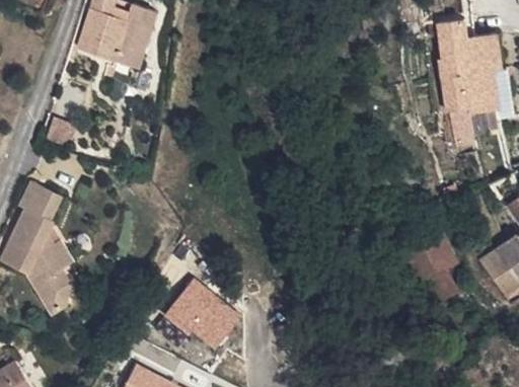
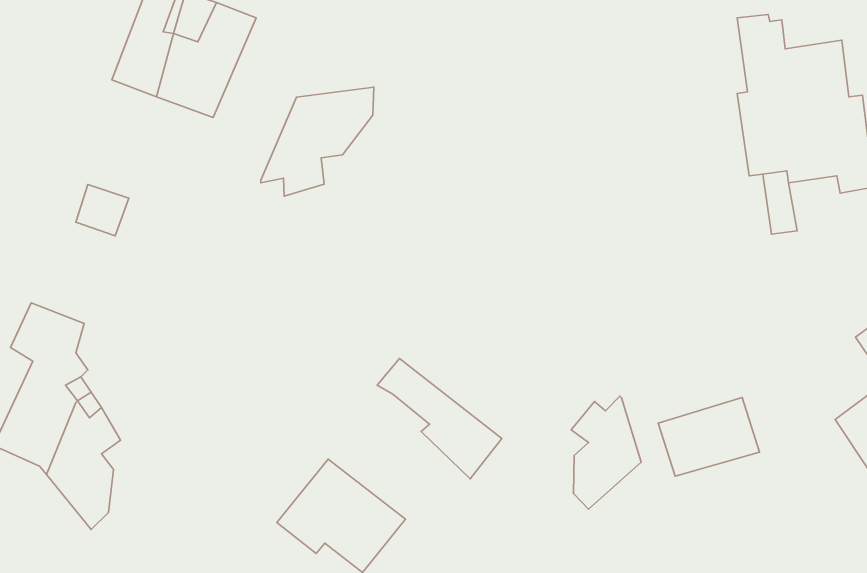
building: none -> [261,87,374,196]
building: none -> [377,359,502,479]
building: none -> [571,396,641,509]

